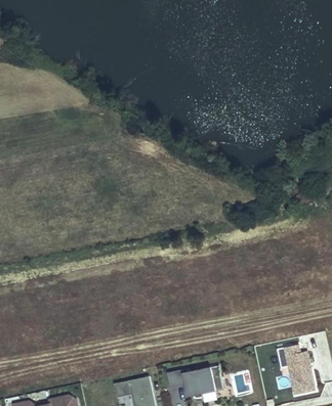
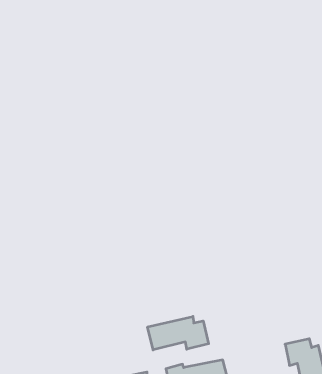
building: none -> [148,316,209,350]

